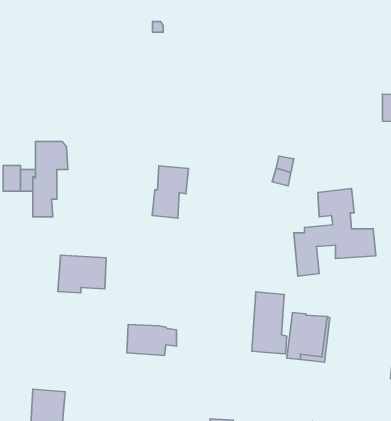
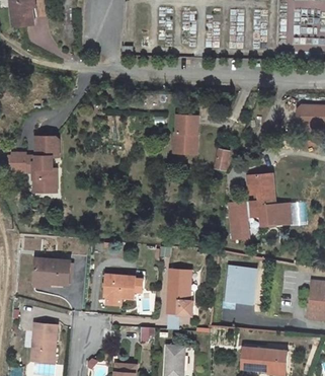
building: [152,166,188,218] -> [173,114,200,153]
building: [58,255,106,293] -> [33,259,70,288]
building: [252,292,287,354] -> [167,269,193,315]

